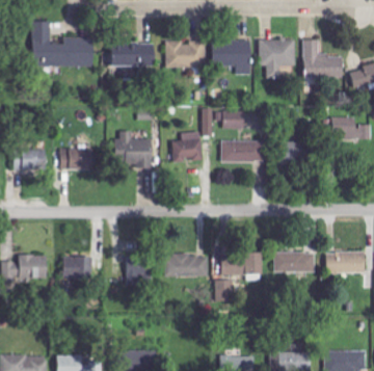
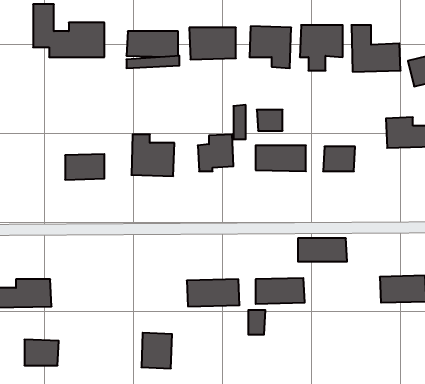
building: [12,150,45,169] -> none
building: [273,253,315,272] -> [298,238,347,262]
building: [62,257,91,279] -> [24,340,59,365]
building: [126,258,152,288] -> [141,333,172,368]

